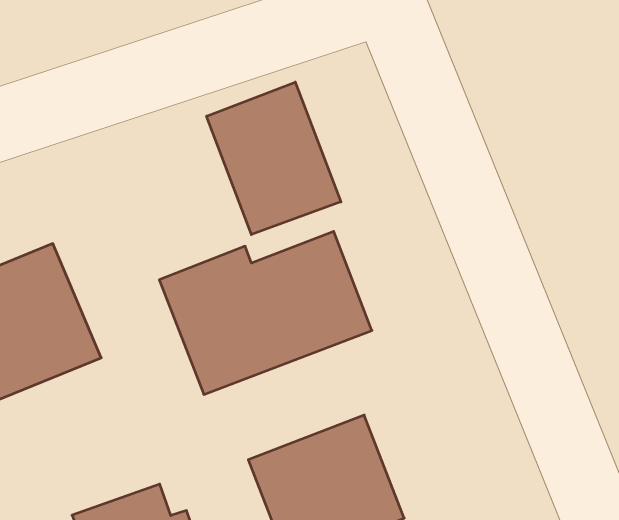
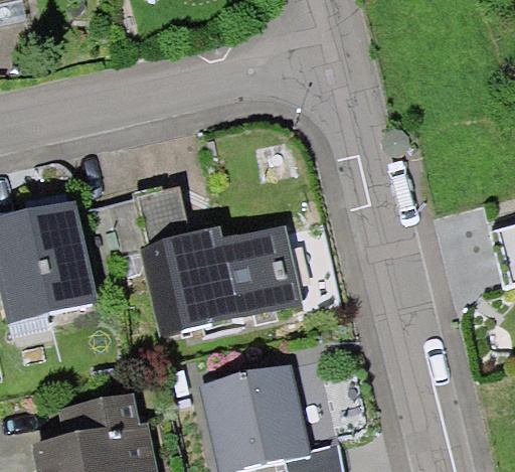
building: [207,82,341,235] -> none

